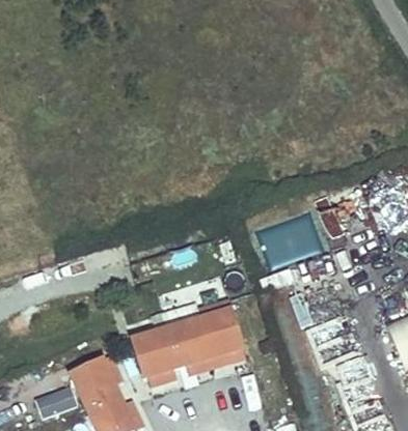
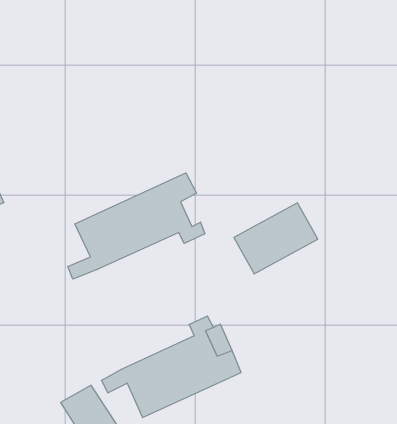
building: none -> [68,173,205,279]

